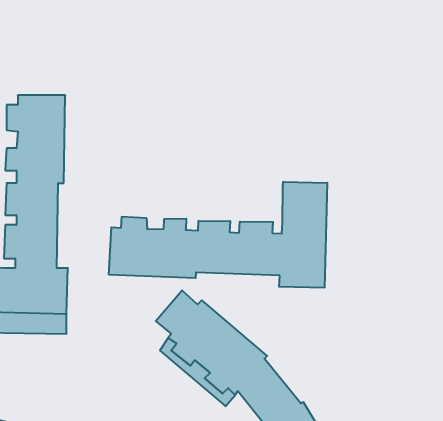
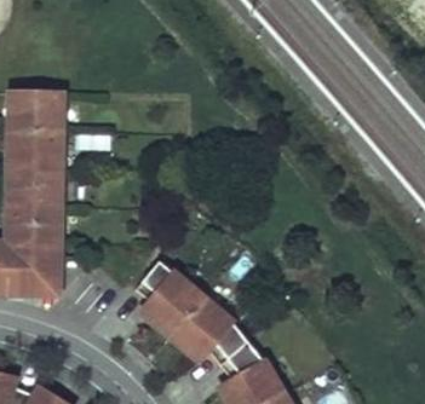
building: [109,182,327,288] -> none

